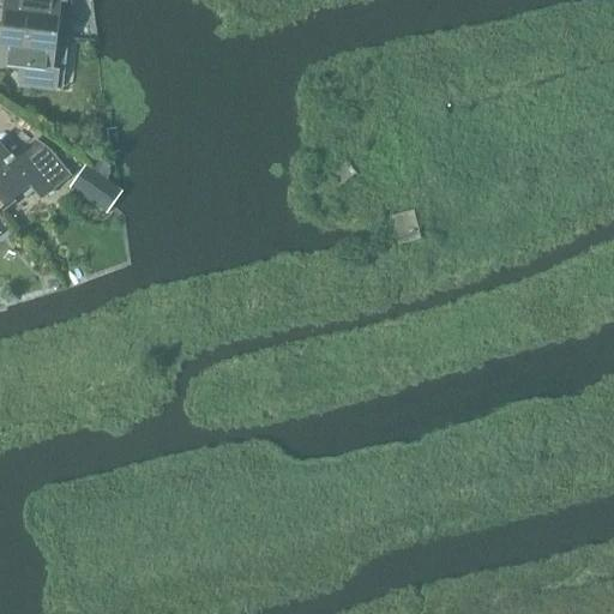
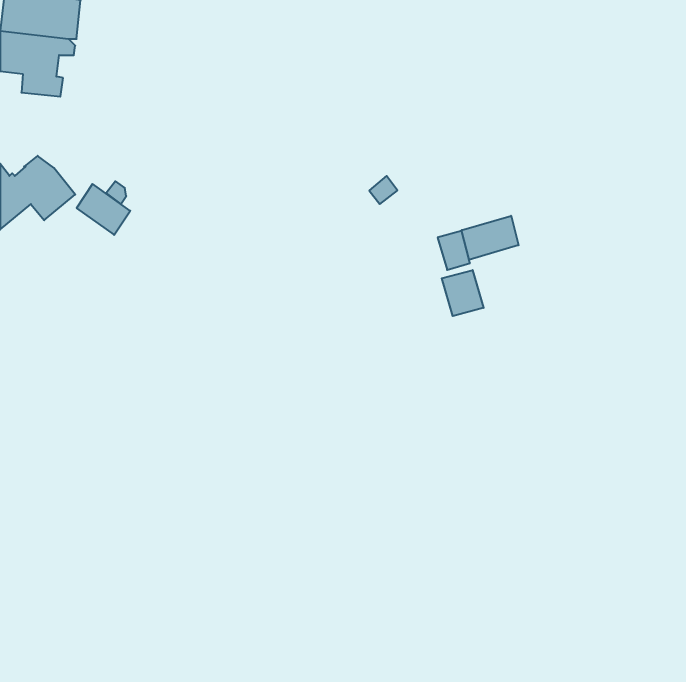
building: none -> [462,216,519,260]
building: none -> [442,270,484,316]

